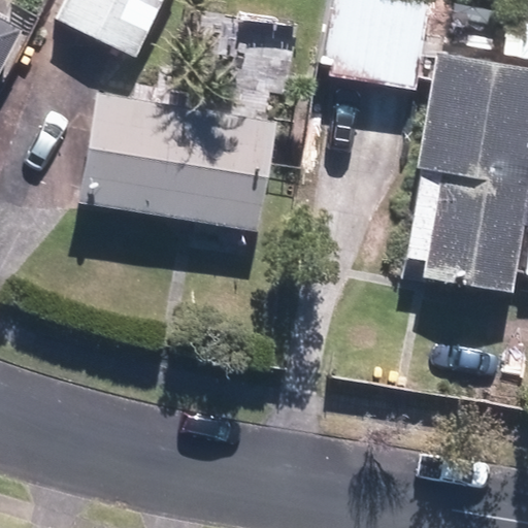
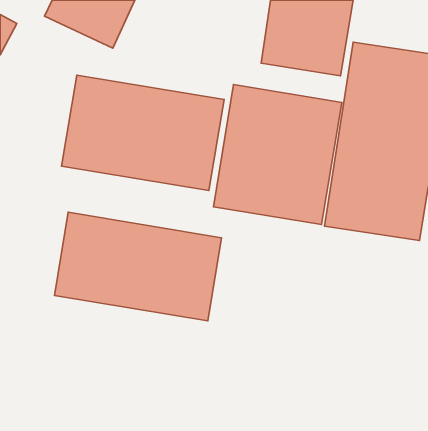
building: none -> [213,85,342,225]
building: none -> [54,212,222,321]

